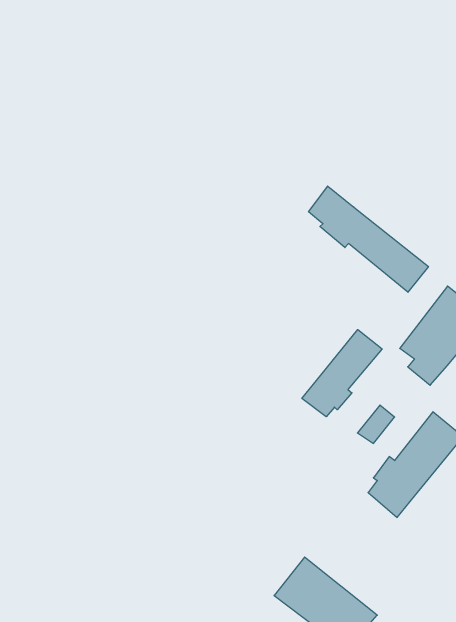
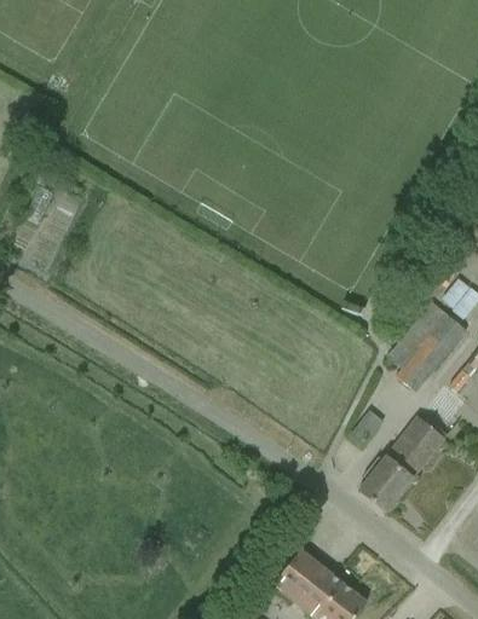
building: [309,186,428,292] -> none
building: [302,330,382,417] -> none

